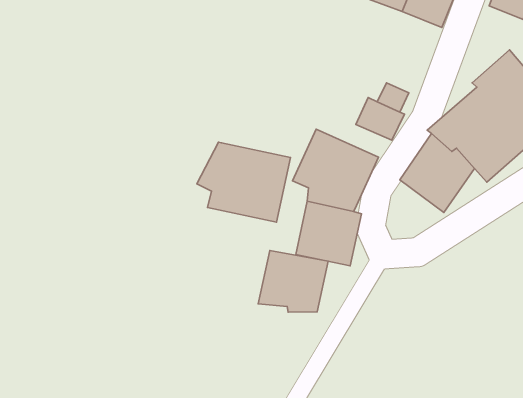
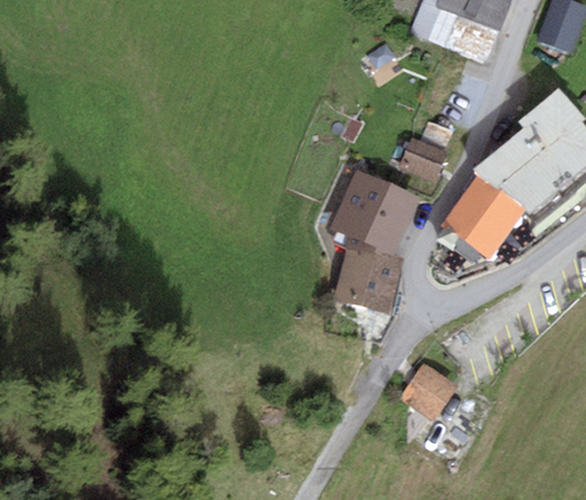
building: [197,142,291,222] -> none
building: [258,251,328,312] -> none
building: none -> [399,363,458,421]

